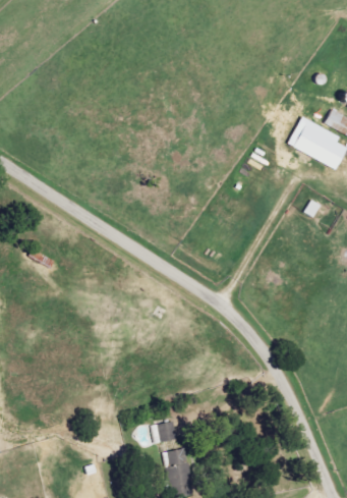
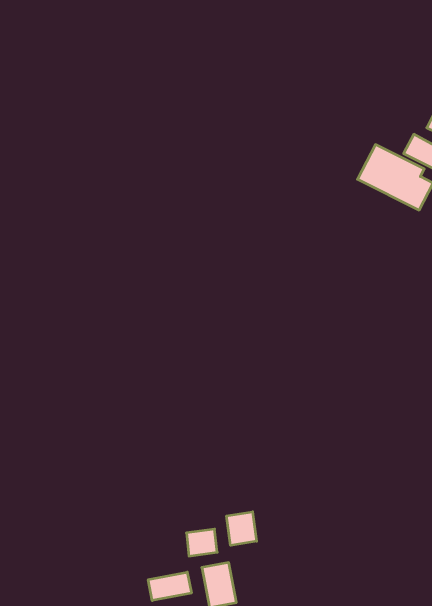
building: none -> [227,512,257,545]
building: none -> [148,572,191,601]

